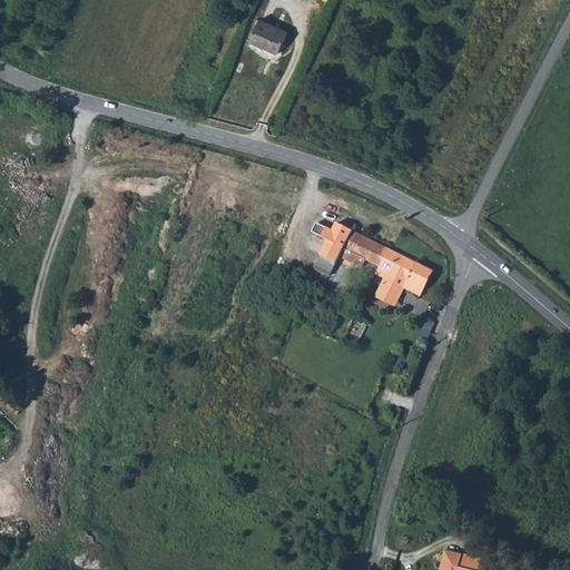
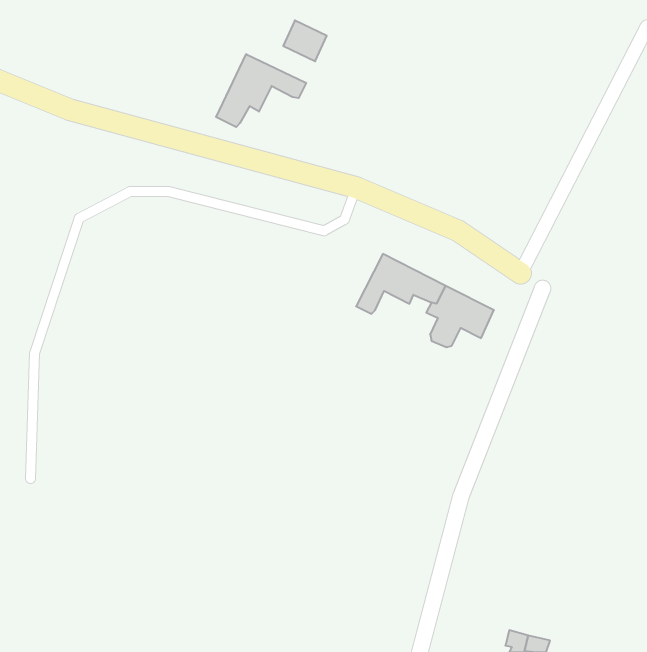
building: none -> [216,54,306,127]

